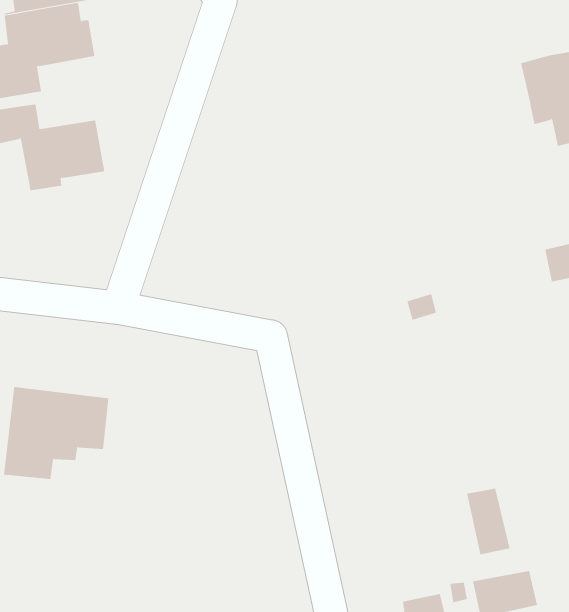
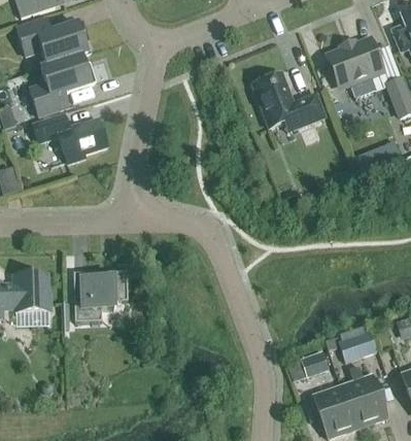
building: none -> [251,71,324,127]
building: [467,488,510,555] -> none

